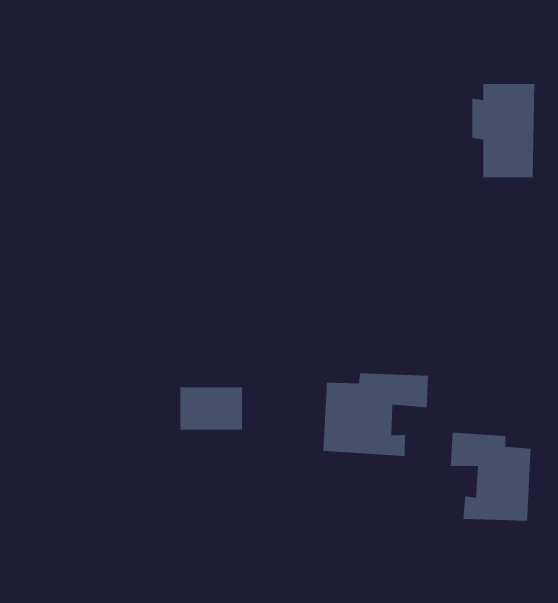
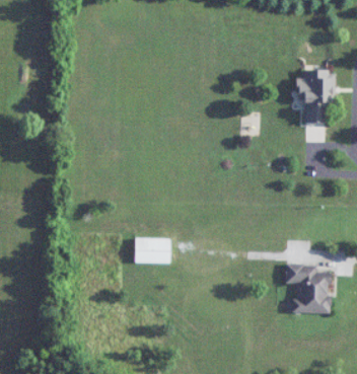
building: [323,372,429,457] -> none

